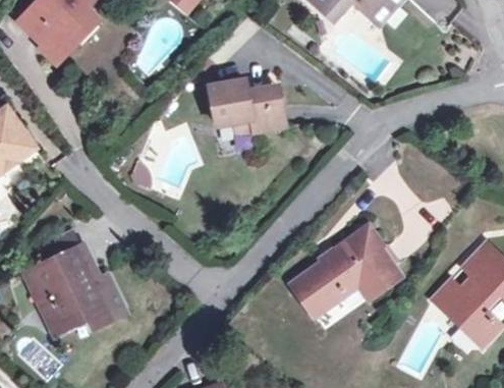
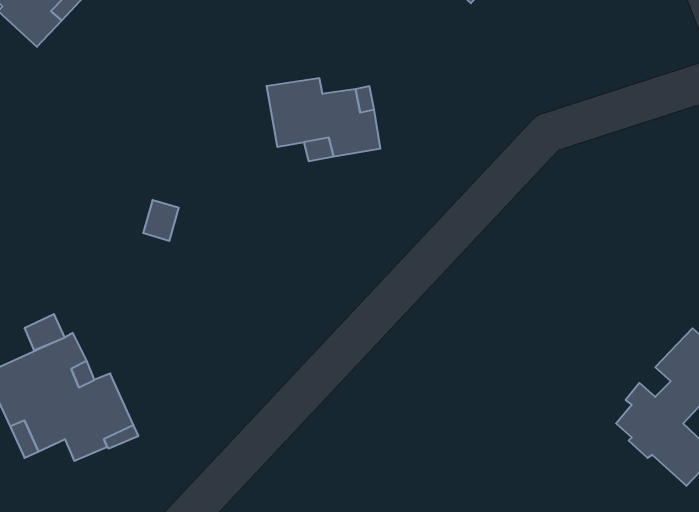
building: [293,226,399,315] -> none

